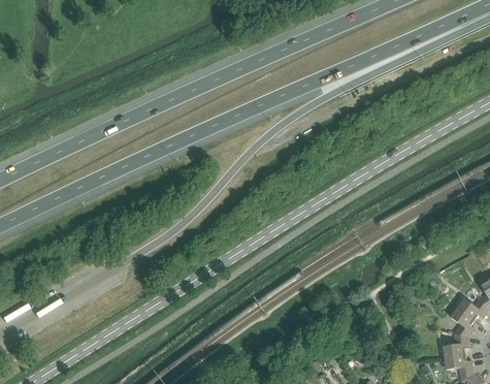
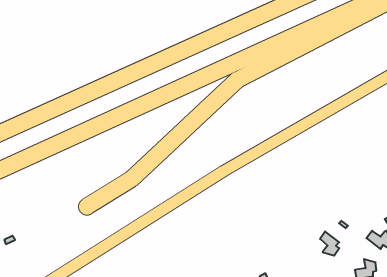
building: [453,309,477,339] -> [320,231,339,256]

